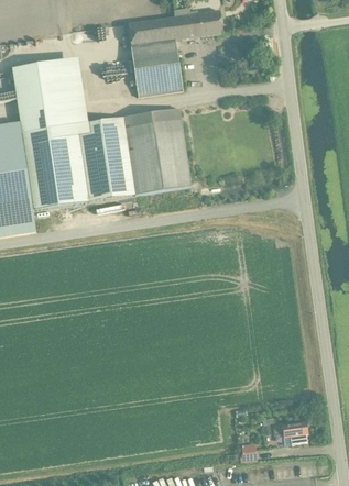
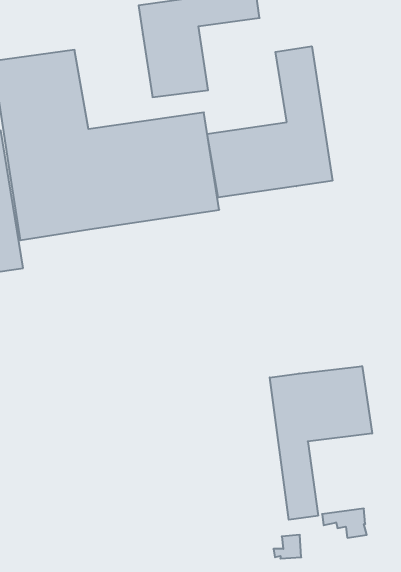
building: none -> [207,46,332,197]
building: none -> [270,366,372,520]

